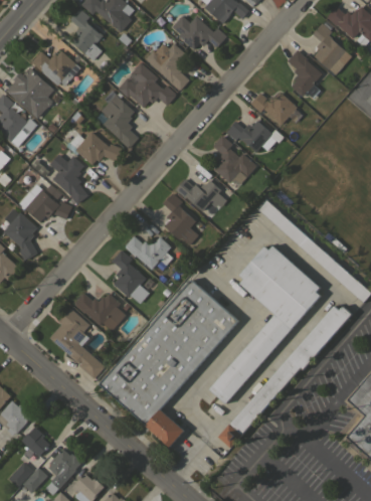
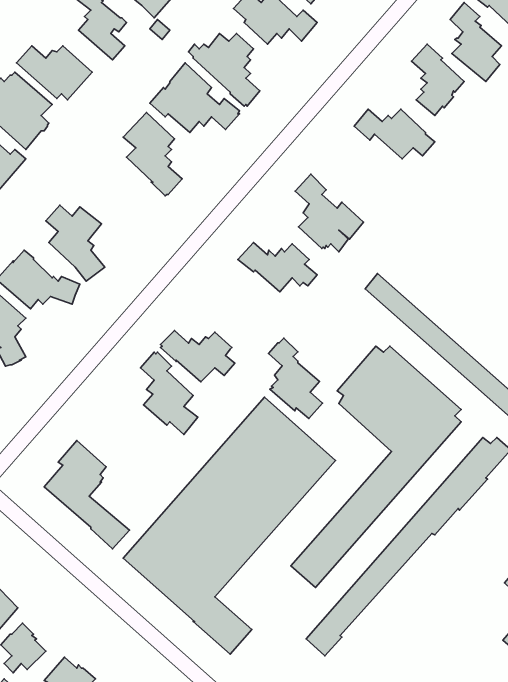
building: [226,121,282,152] -> none
building: [69,132,123,165] -> none
building: [163,193,198,245] -> [268,338,323,419]
building: [74,293,126,331] -> none

